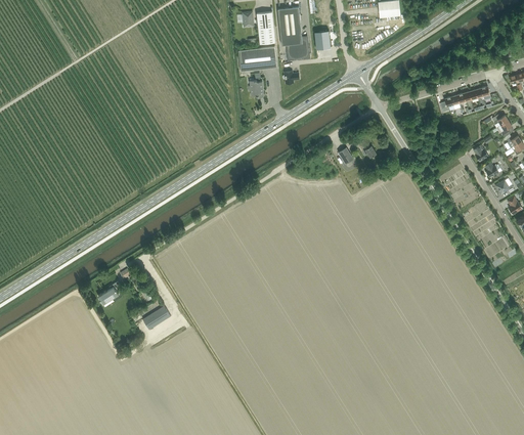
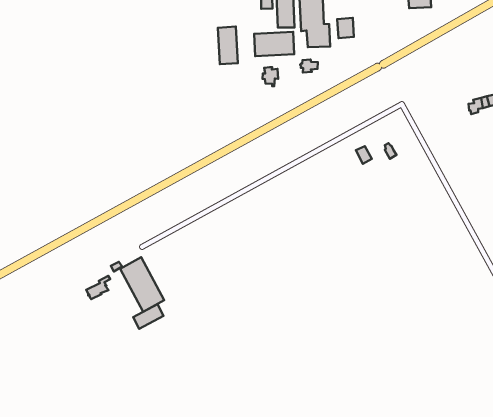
building: none -> [218,27,238,64]
building: none -> [120,257,164,312]

